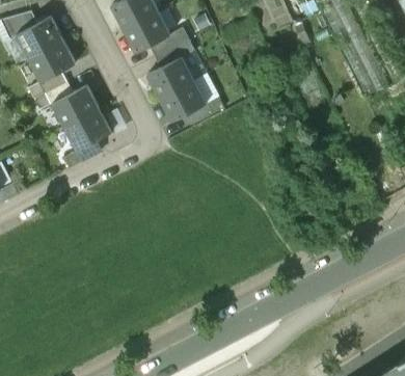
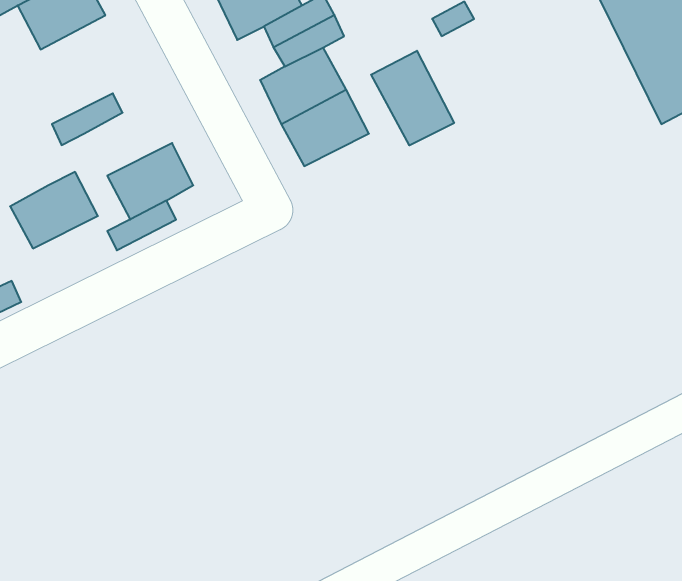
building: [29,39,77,81] -> none
building: none -> [371,51,454,145]
building: [53,85,101,127] -> [10,172,98,248]

